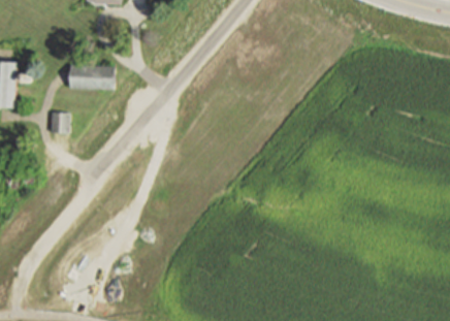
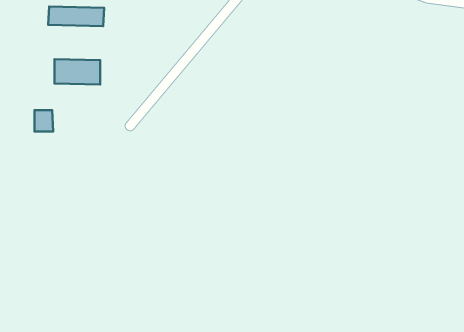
building: none -> [48,6,104,26]

